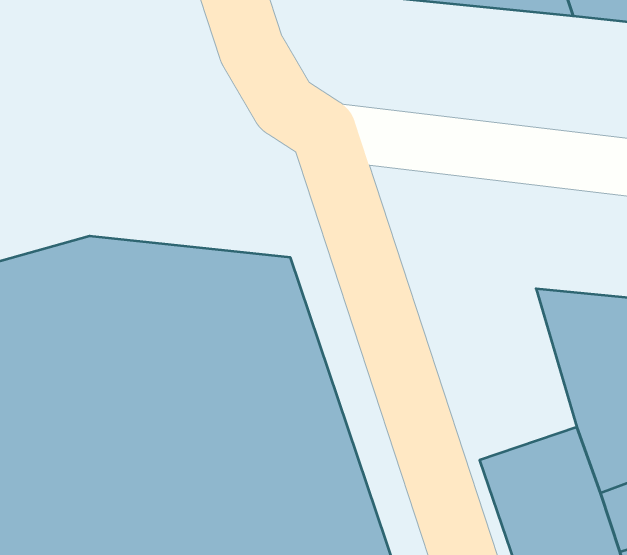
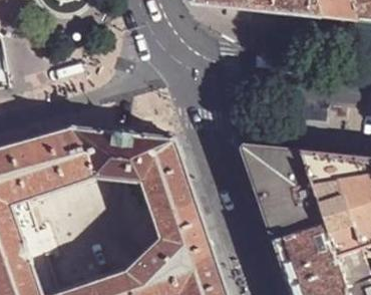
building: none -> [239,148,321,242]

